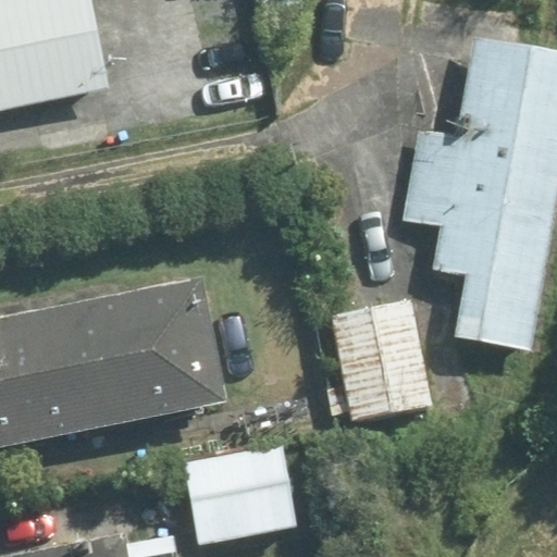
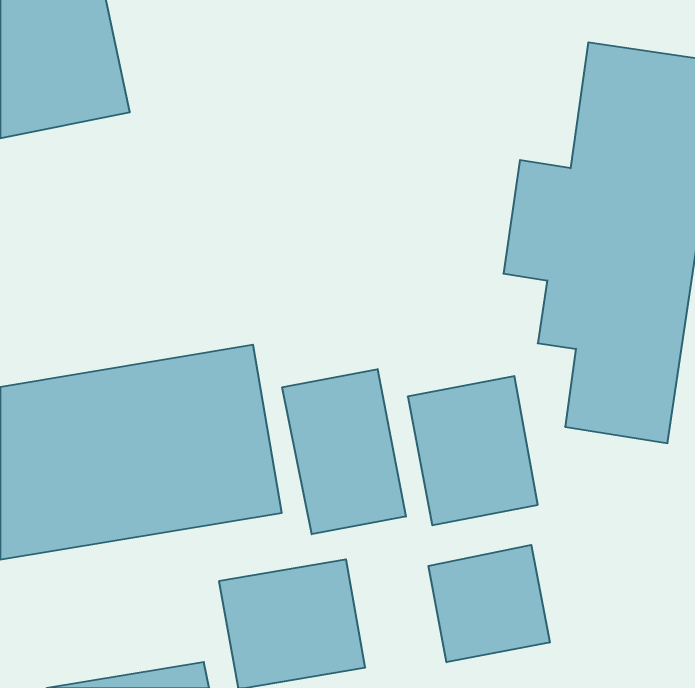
building: none -> [282,369,406,534]
building: none -> [428,545,550,662]

